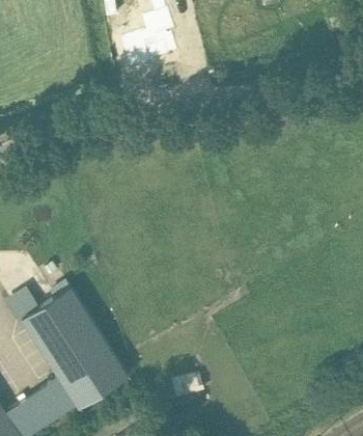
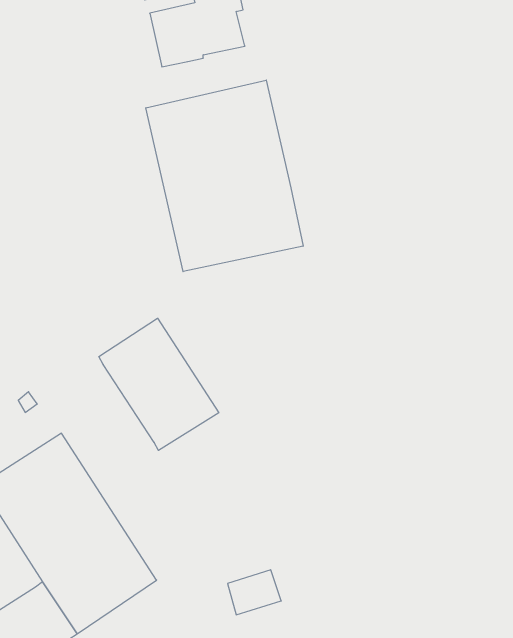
building: none -> [146,80,303,272]
building: none -> [99,318,219,450]

